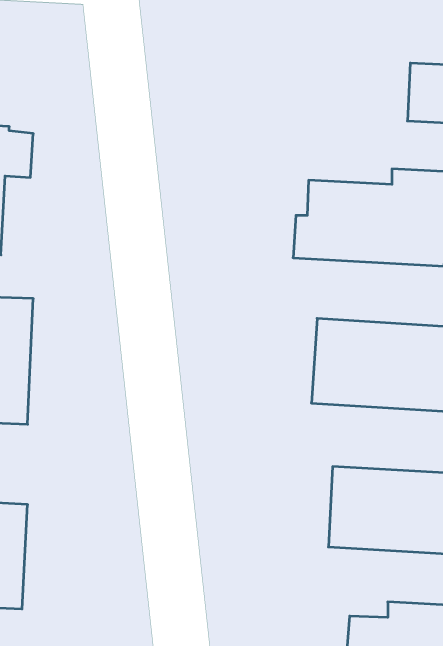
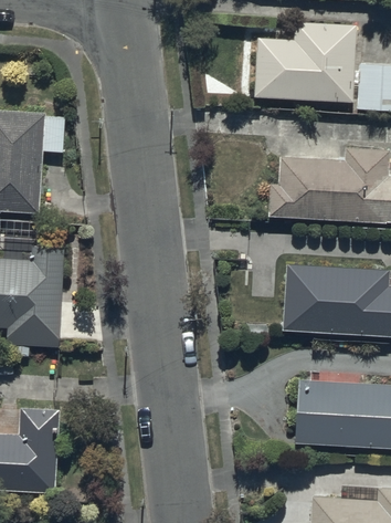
building: none -> [255,22,357,102]

